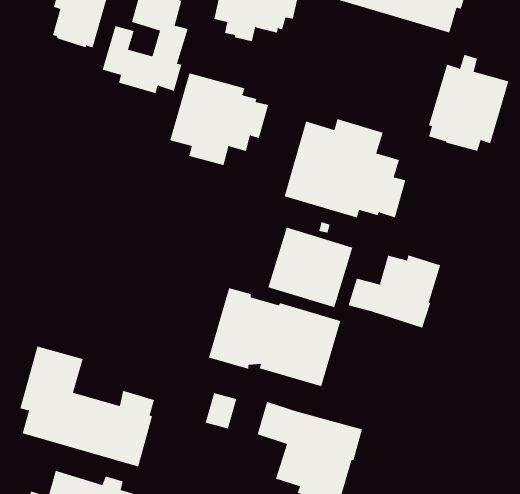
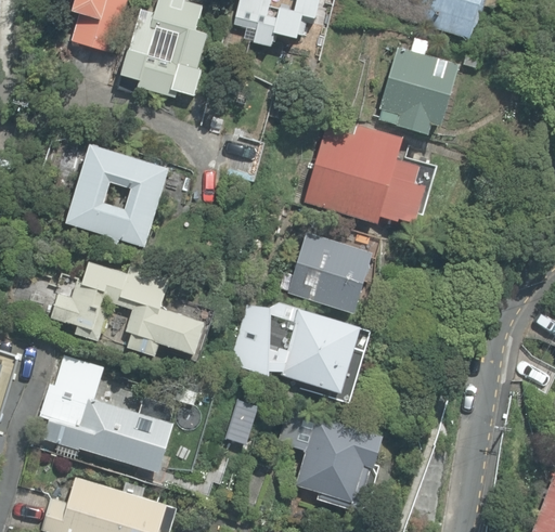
building: [428,54,509,152] -> [378,37,460,134]
building: [169,73,269,166] -> none
building: none -> [67,144,169,247]
building: [348,254,441,329] -> none
building: none -> [52,261,206,356]

